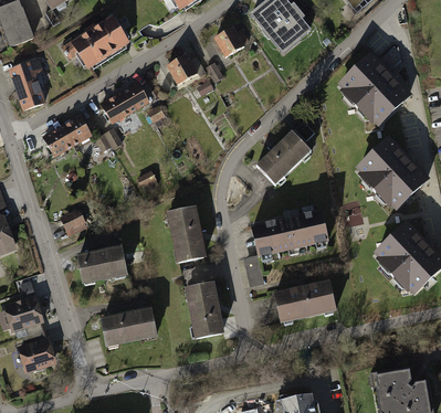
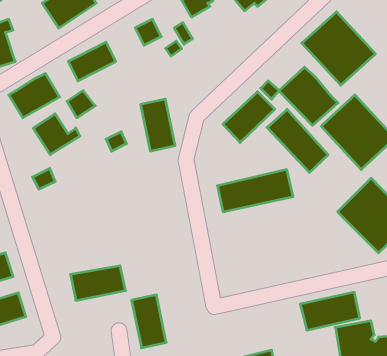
building: none -> [279,67,338,125]
building: none -> [267,109,328,172]
building: none -> [33,114,80,155]
building: [168,206,203,260] -> [141,99,175,151]
building: [77,247,126,282] -> none
building: [274,282,335,320] -> [300,292,360,330]
building: [186,283,221,337] -> [132,295,166,348]

